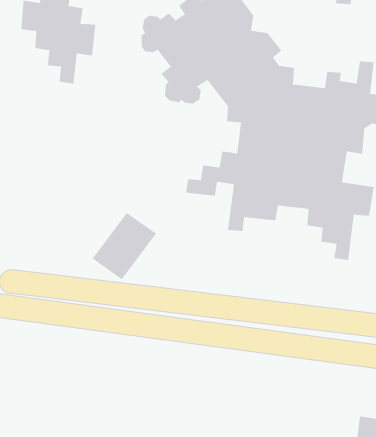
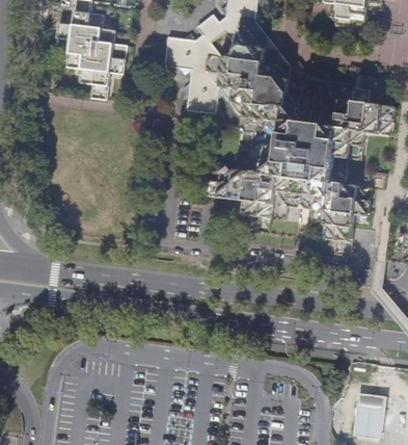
building: [92,212,157,280] -> none

